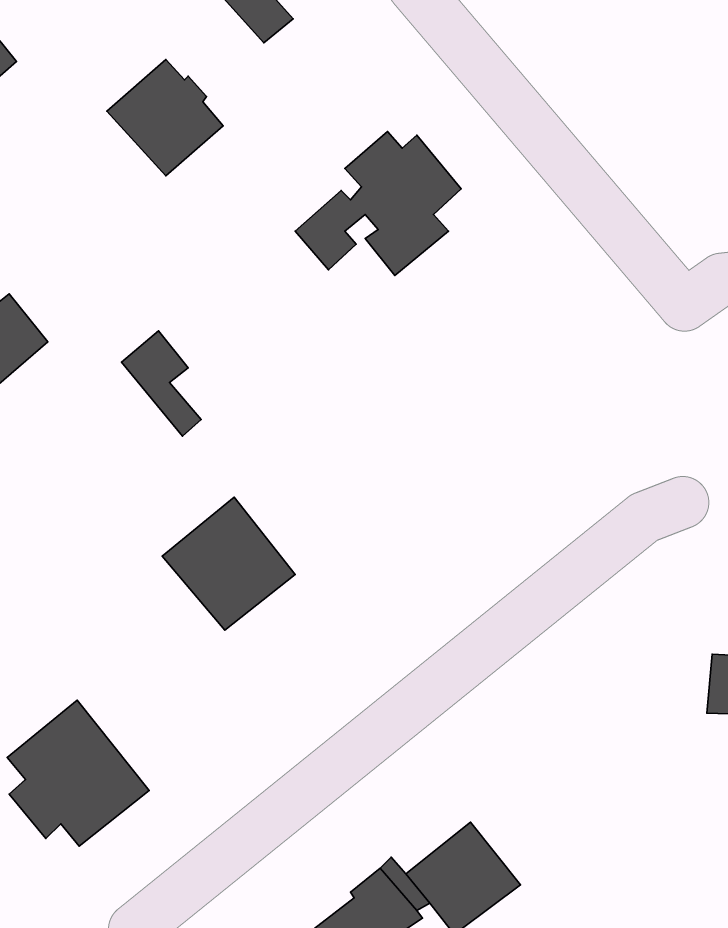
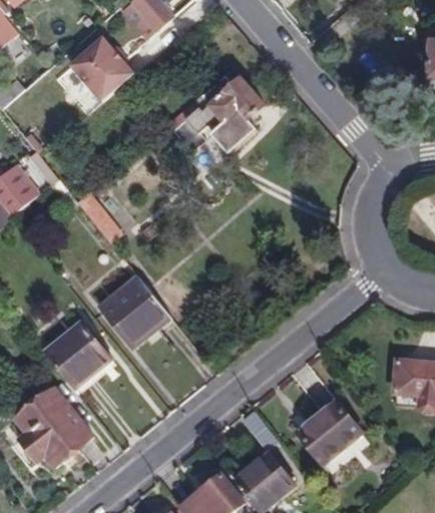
building: none -> [44,323,109,388]
building: none -> [295,399,358,460]

